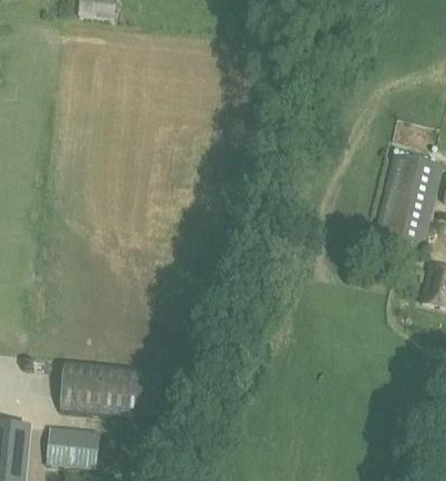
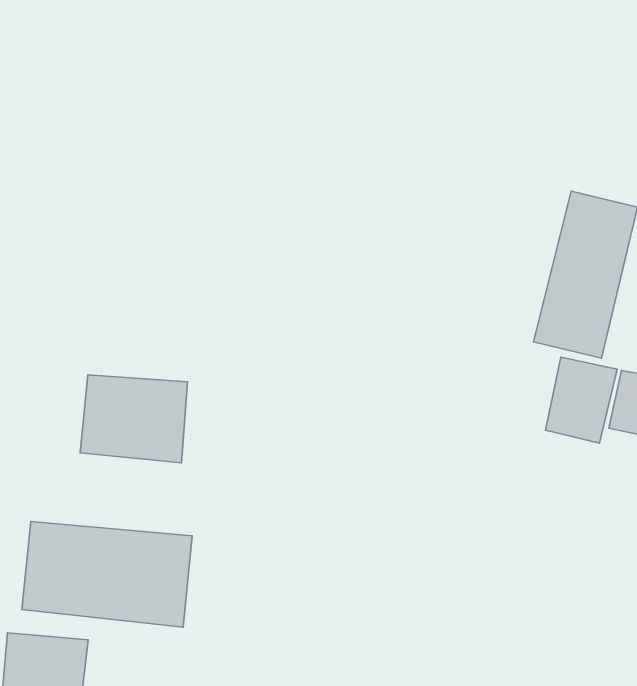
building: none -> [545,357,617,443]
building: none -> [80,375,187,463]

